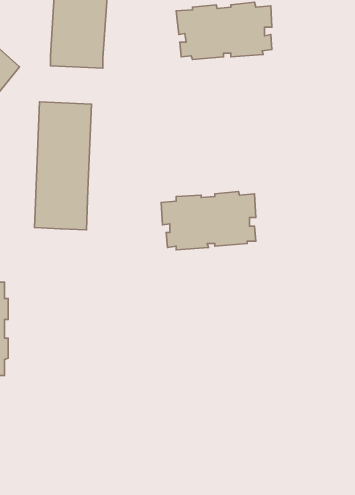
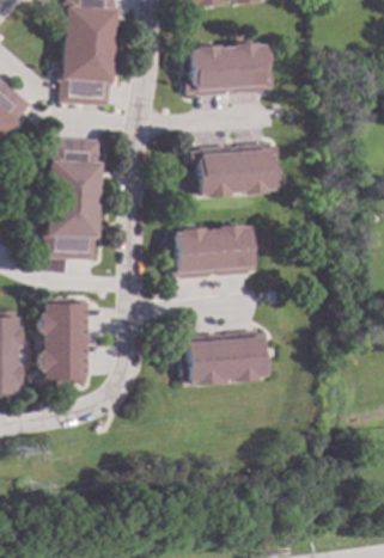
building: none -> [191,142,282,197]
building: none -> [39,298,90,387]
building: none -> [182,330,273,386]

